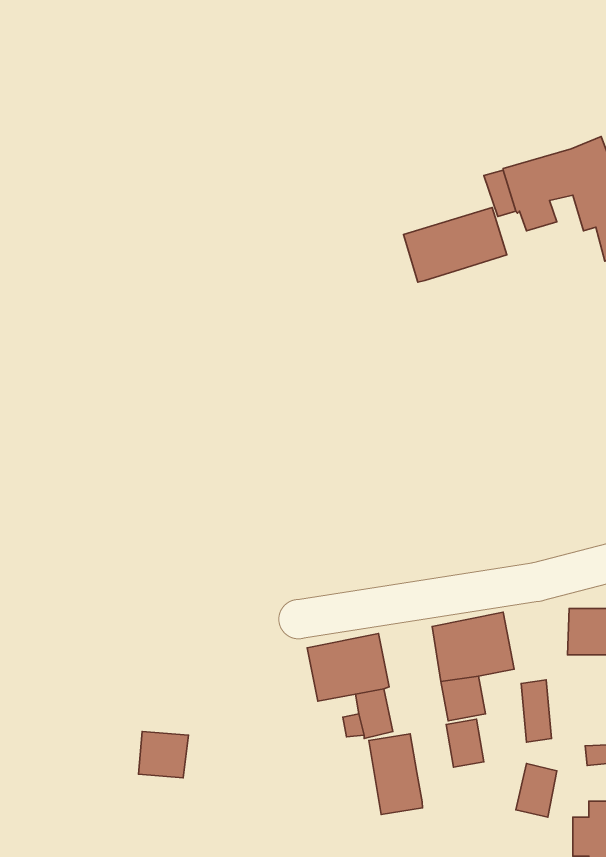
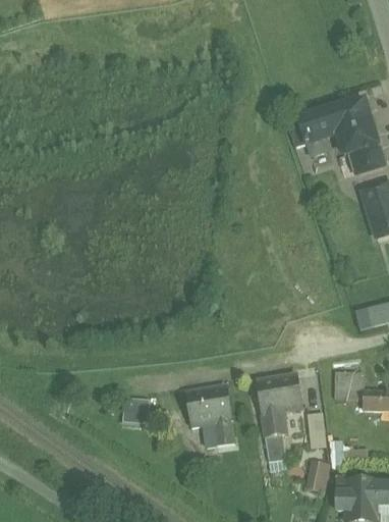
building: [403,207,507,282] -> none
building: [139,732,188,778] -> [121,397,150,423]
building: [369,734,422,815] -> none

